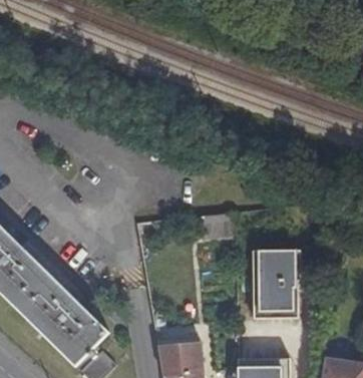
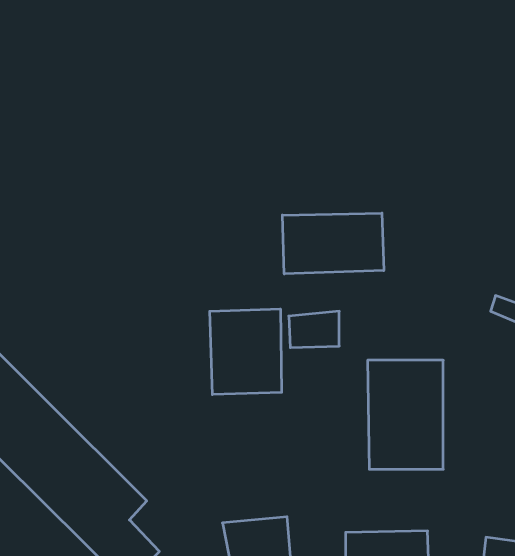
building: none -> [282,213,384,274]
building: none -> [210,309,282,395]

